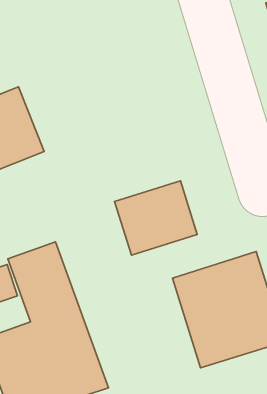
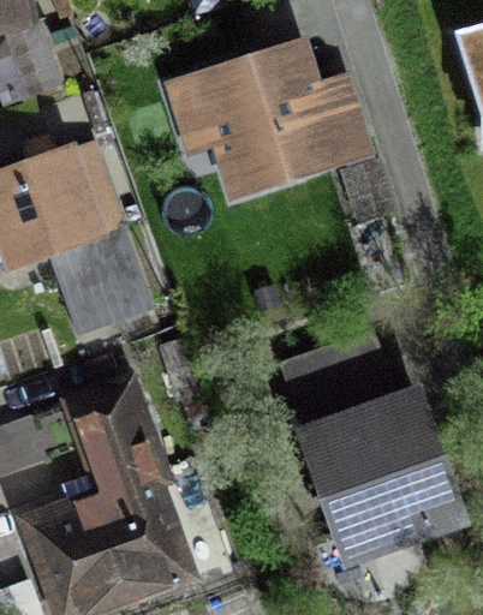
building: none -> [173,44,360,186]
building: [115,181,197,255] -> none

